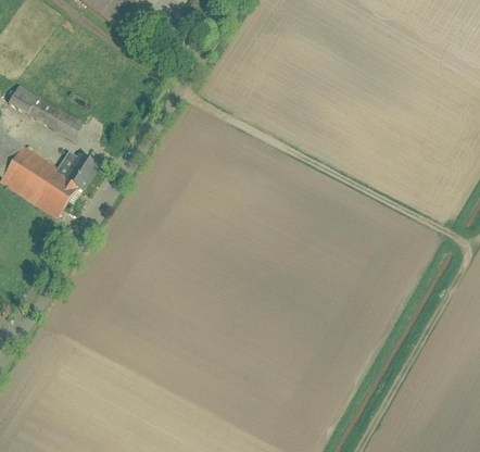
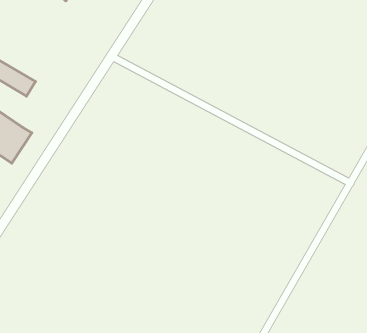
building: [66,151,98,186] -> none

